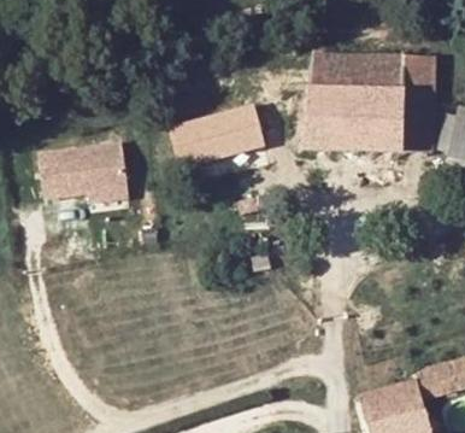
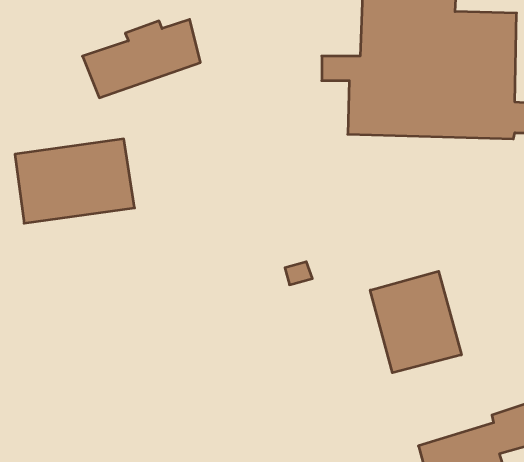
building: [171,107,264,169] -> [82,19,200,98]
building: none -> [370,271,461,373]

